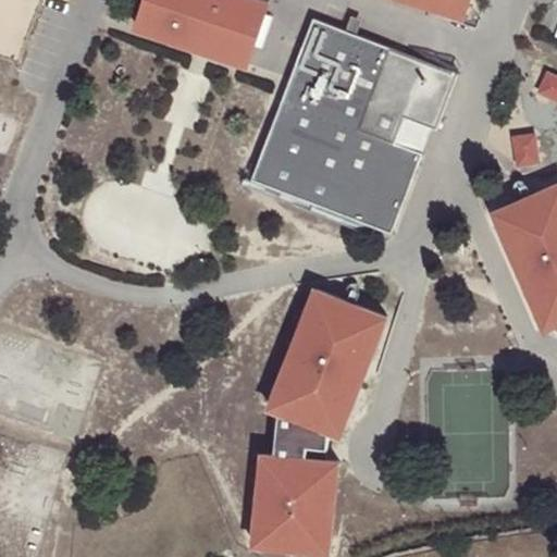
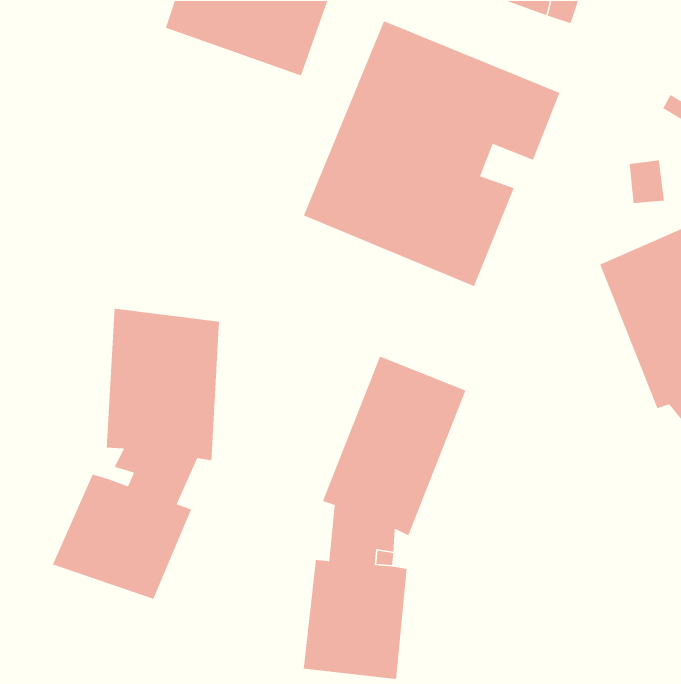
building: none -> [52,308,220,600]

